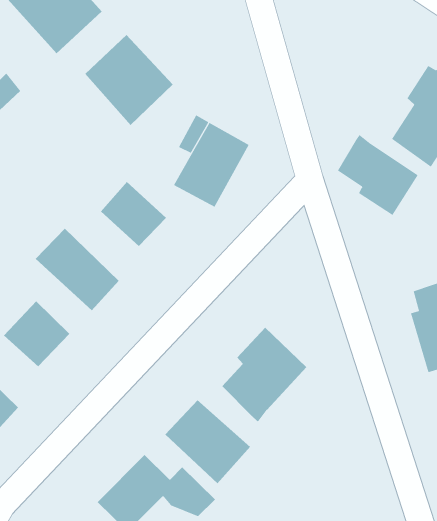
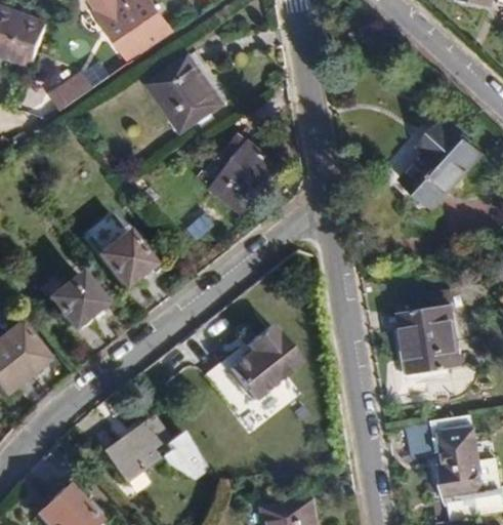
building: [337,134,419,216] -> none
building: [100,181,167,247] -> none
building: [165,400,251,484] -> none

